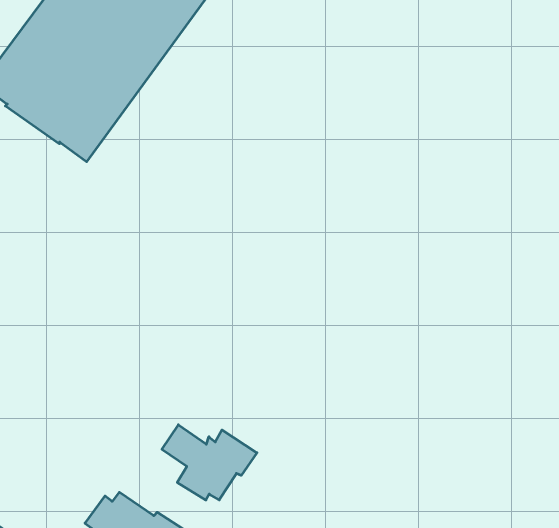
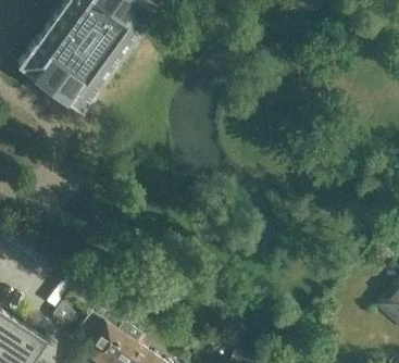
building: [162,425,257,500] -> none

